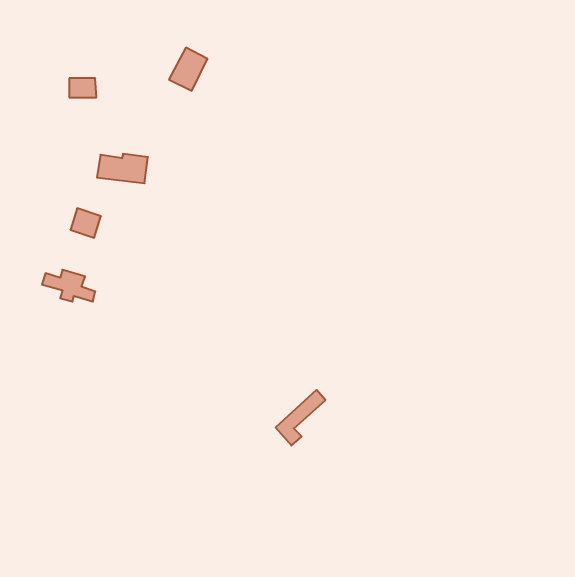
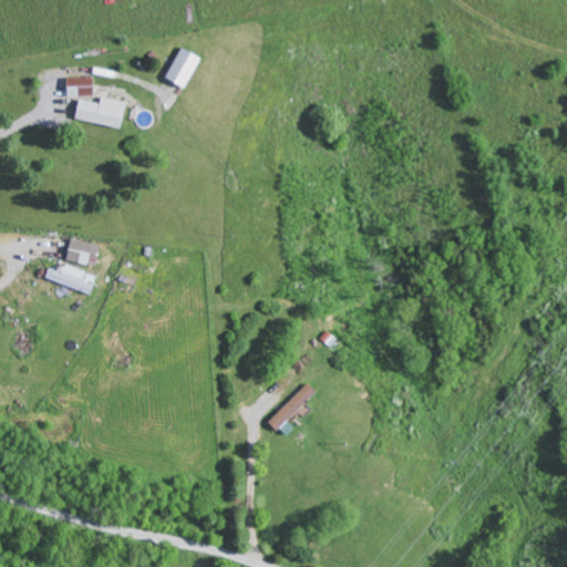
building: [97,154,148,183] -> [75,97,125,126]
building: [70,208,101,238] -> [63,237,93,266]

